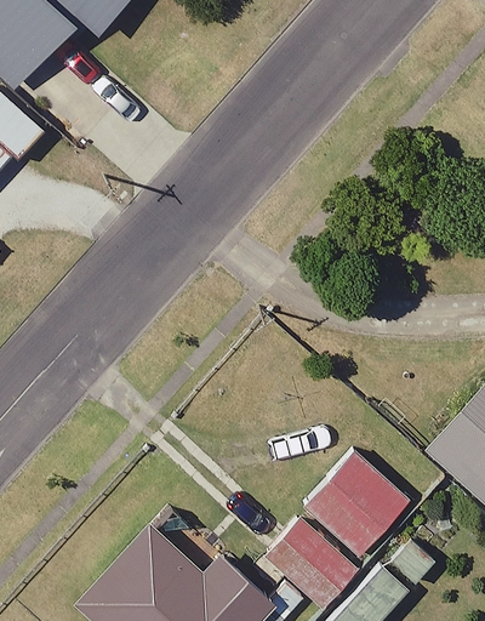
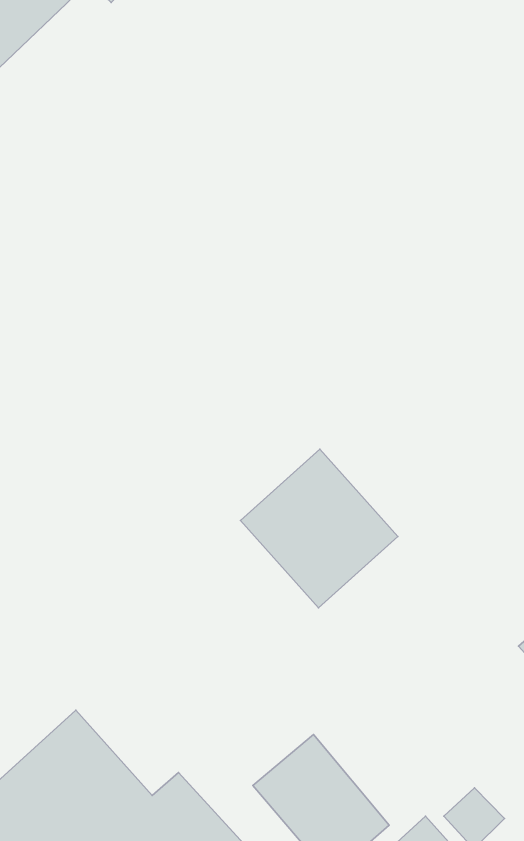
building: [304,450,409,554] -> [241,449,398,608]

